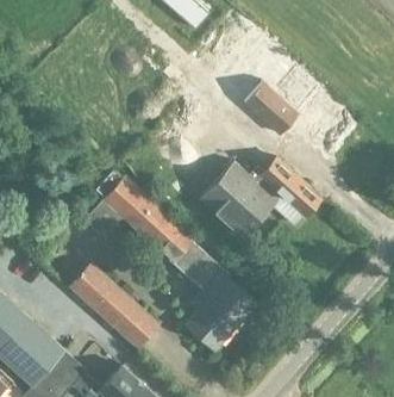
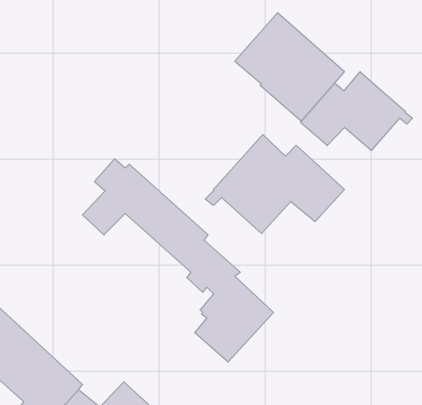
building: none -> [301,72,412,151]
building: [68,261,161,349] -> none

